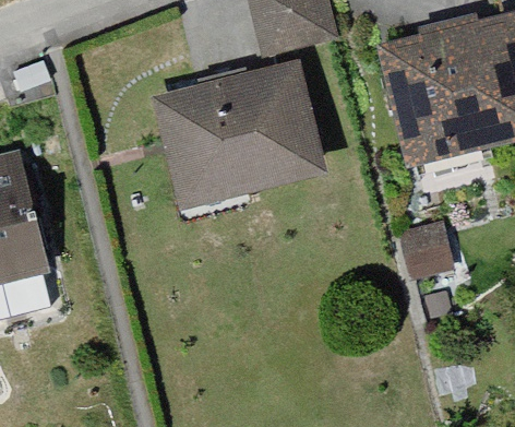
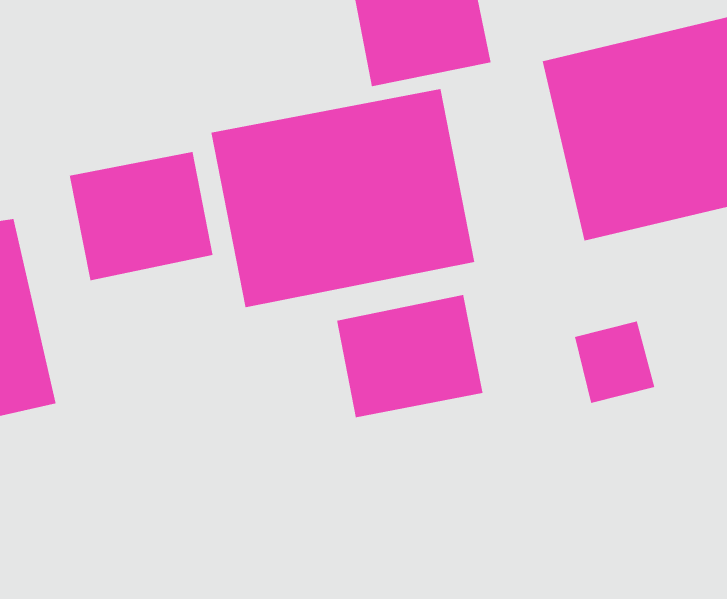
building: none -> [69,151,213,281]
building: none -> [336,294,483,418]

